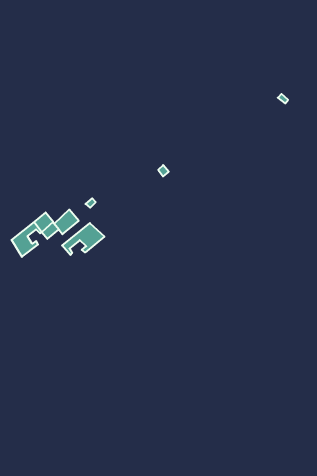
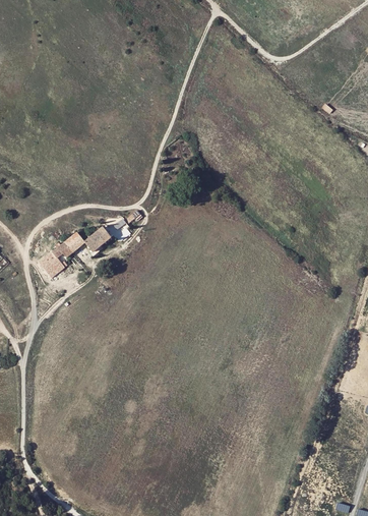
building: [62,223,104,255] -> none

